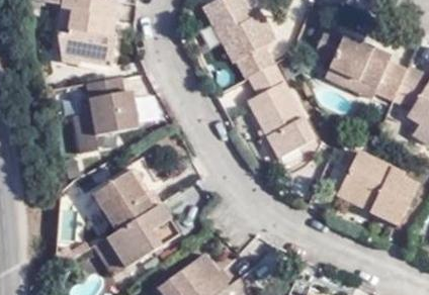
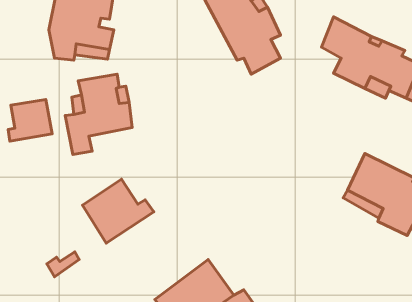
building: [248,63,318,163] -> none
building: none -> [8,100,52,141]
building: [92,206,173,280] -> none

